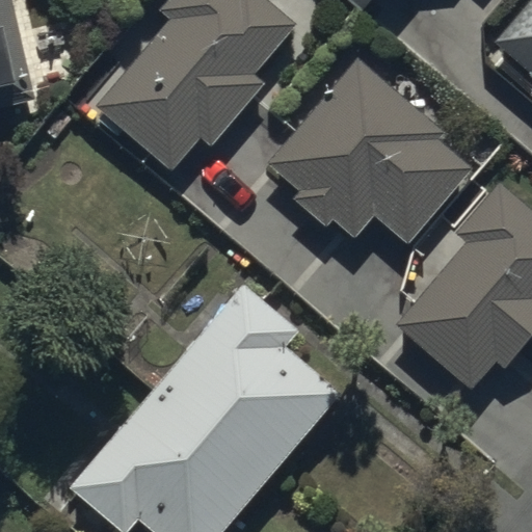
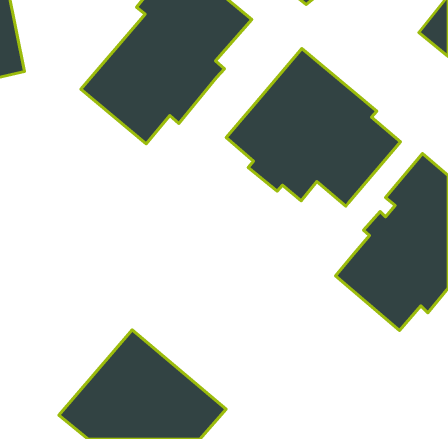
building: [156,287,341,482] -> none

